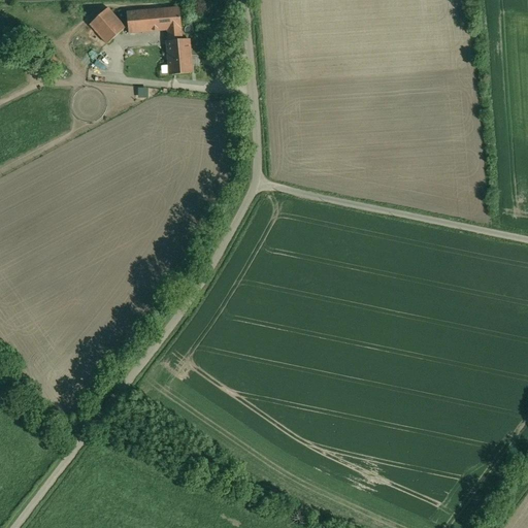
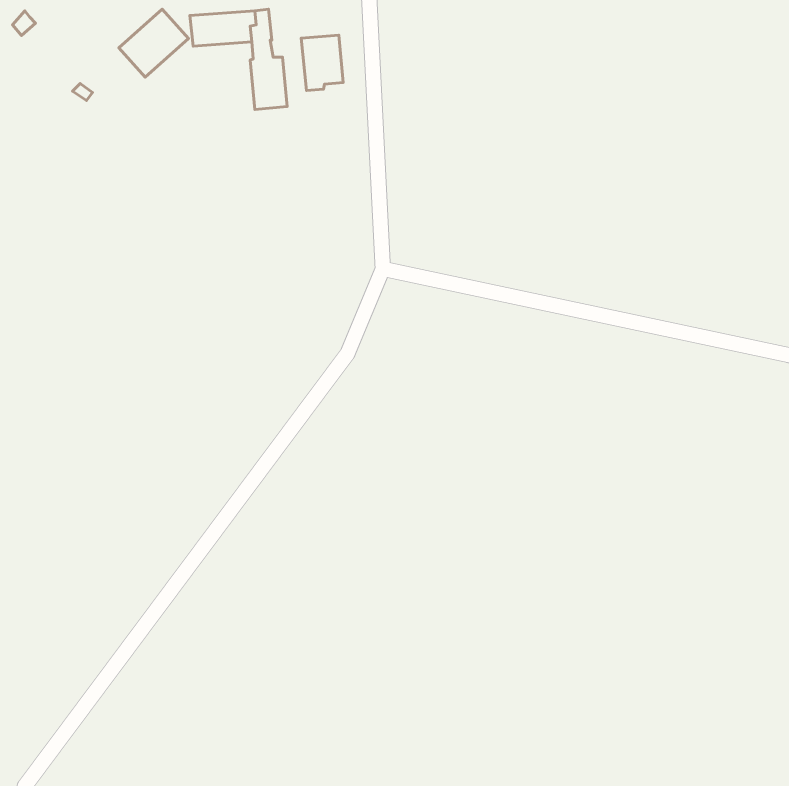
building: none -> [301,35,343,90]

